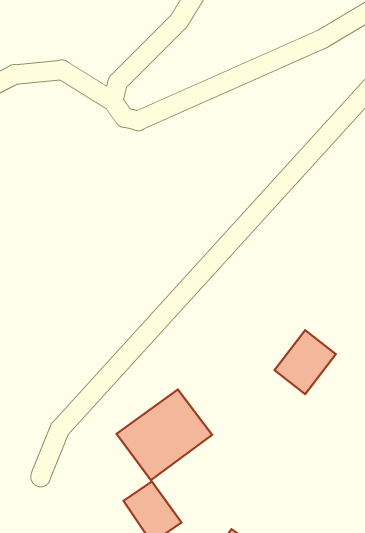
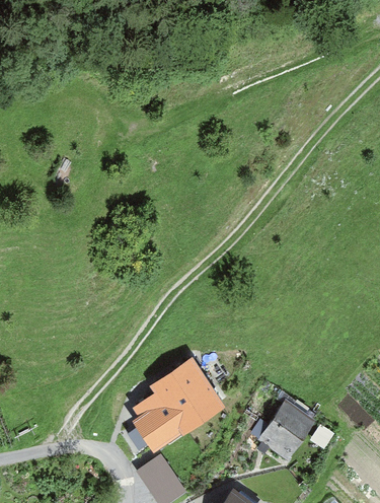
building: [274,330,336,394] -> [260,405,315,461]

